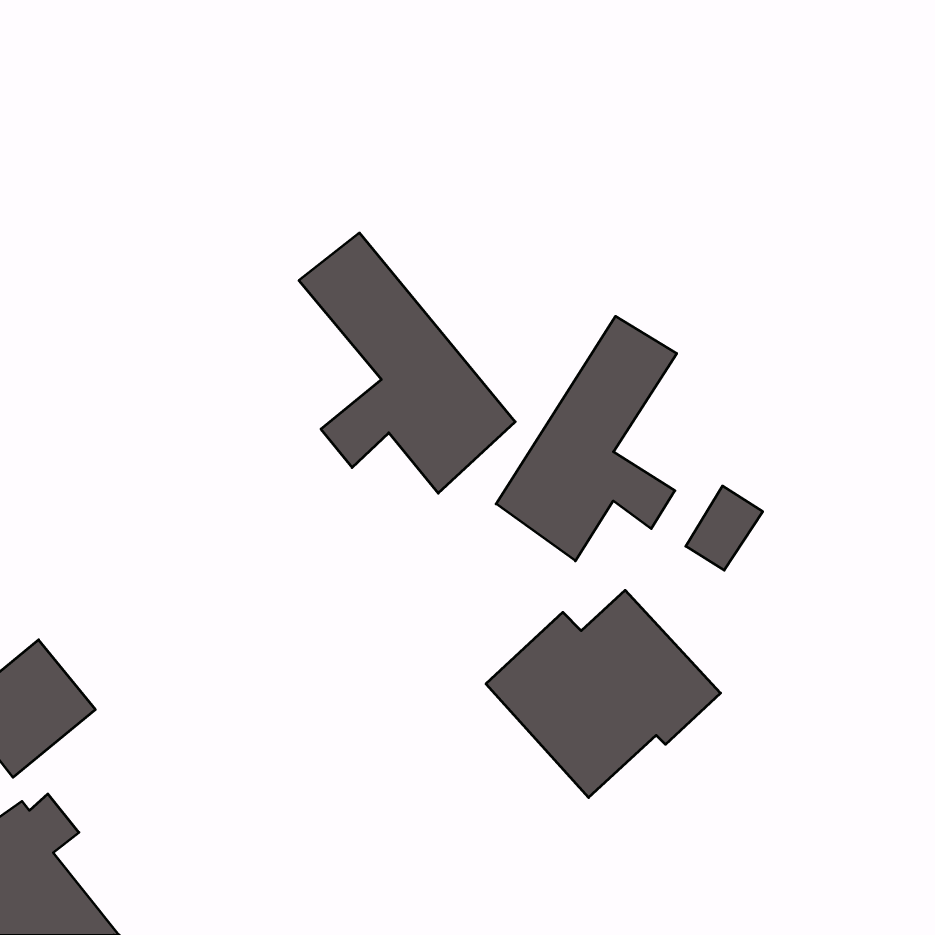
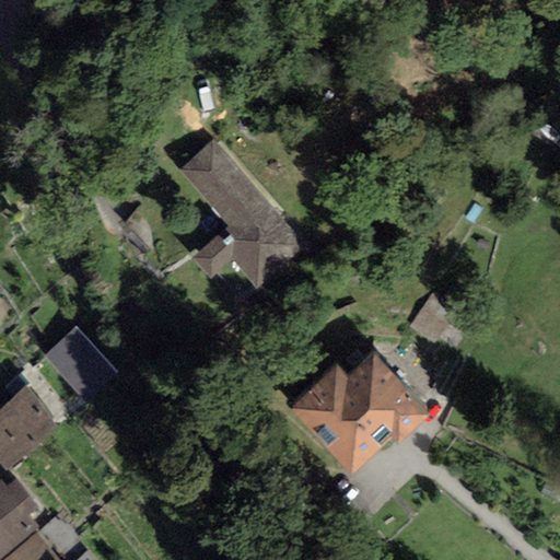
building: [496,316,677,561] -> none
building: none -> [43,330,110,401]

